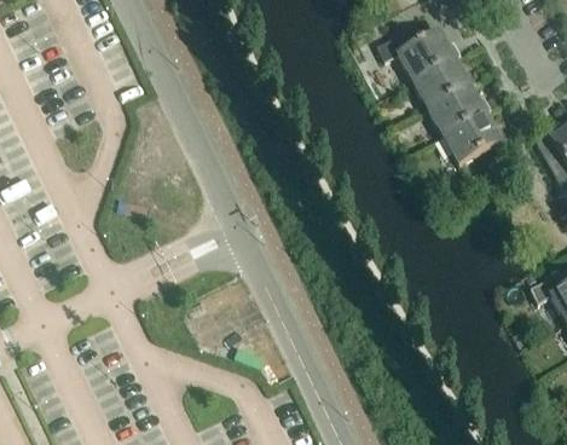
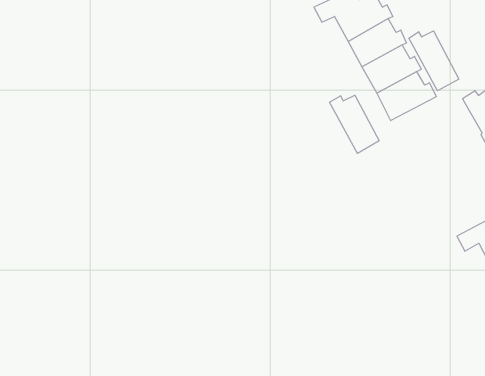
building: none -> [409,31,459,91]
building: none -> [330,95,379,153]

